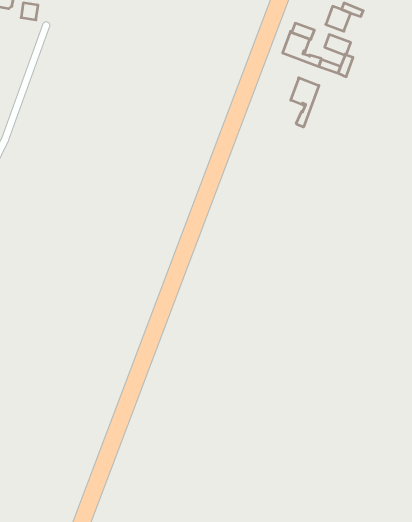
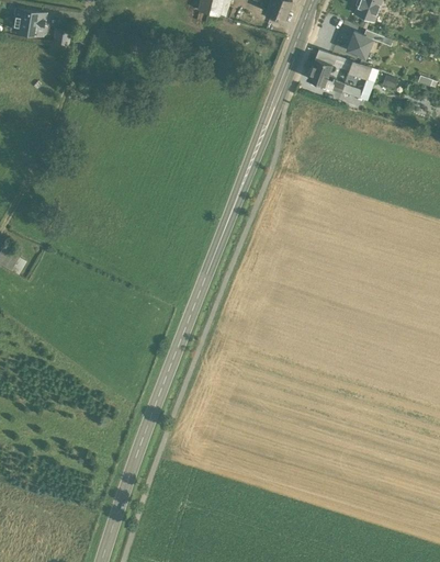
building: [291,78,319,127] -> none

